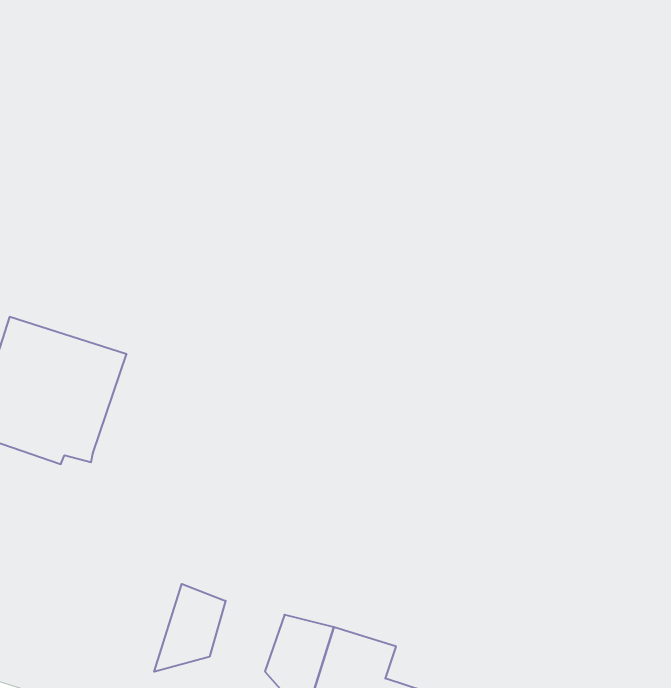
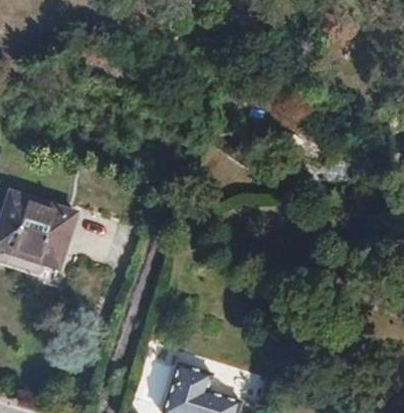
building: [154,584,226,672] -> none

